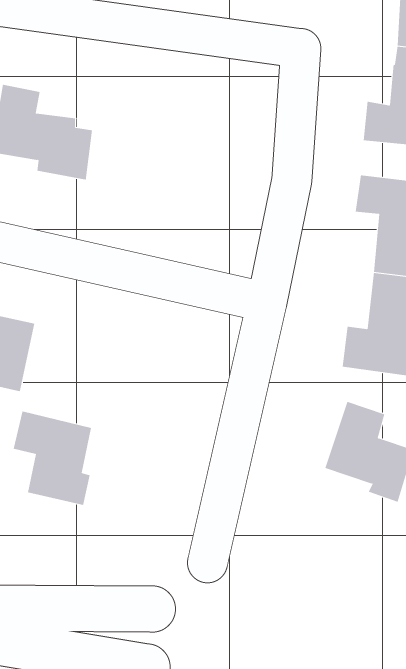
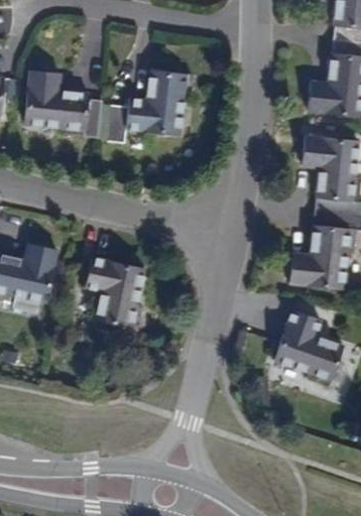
building: none -> [106,73,197,146]
building: [13,411,92,506] -> [84,256,144,329]

